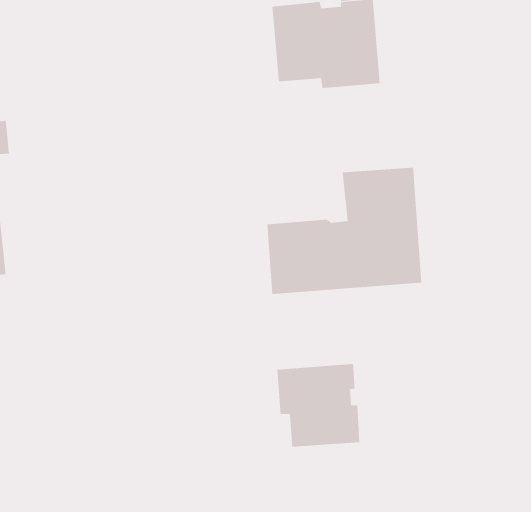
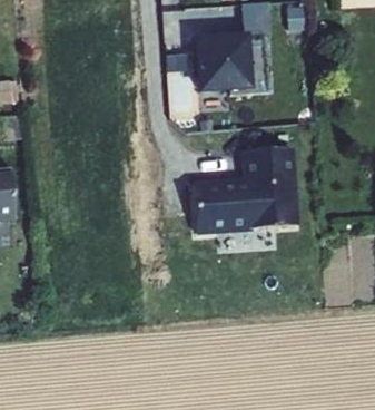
building: [277,363,360,448] -> none

